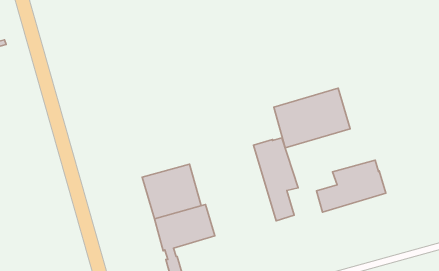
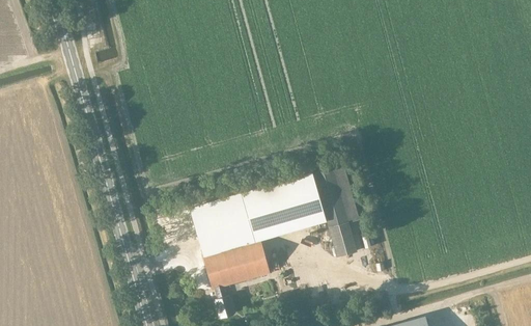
building: [274,88,350,148] -> [243,174,327,240]
building: [316,160,386,212] -> none

